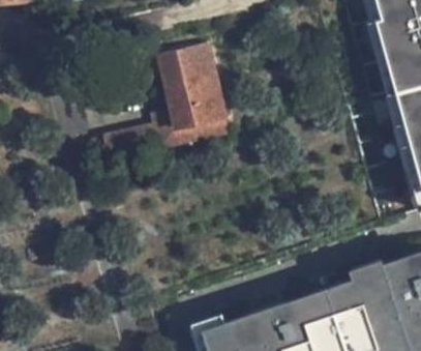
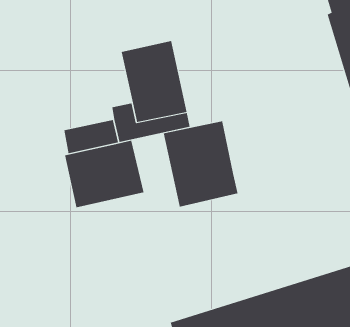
building: none -> [163,120,238,207]
building: none -> [65,140,144,208]

